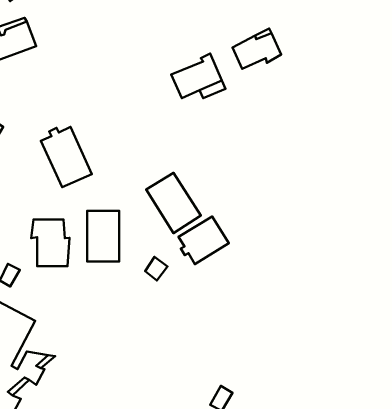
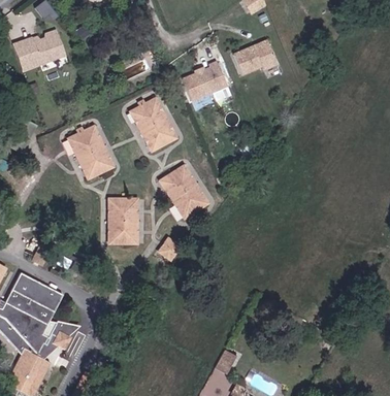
building: none -> [129,97,175,150]
building: [179,216,229,264] -> none
building: [31,220,70,266] -> none

